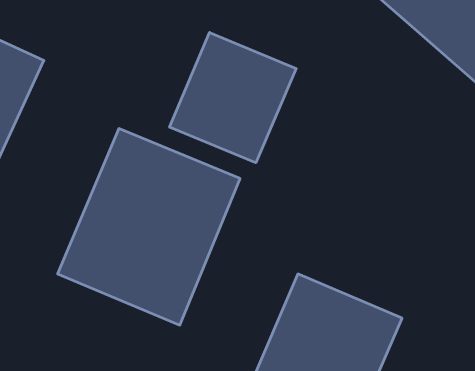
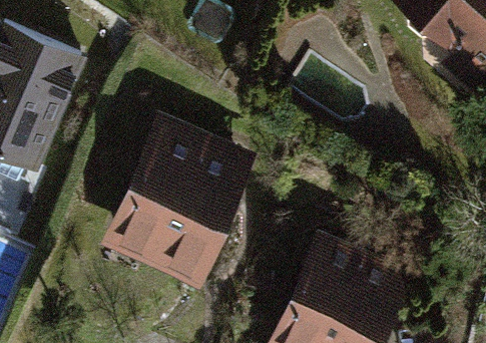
building: [170,32,296,163] -> none

